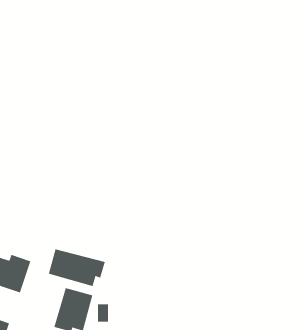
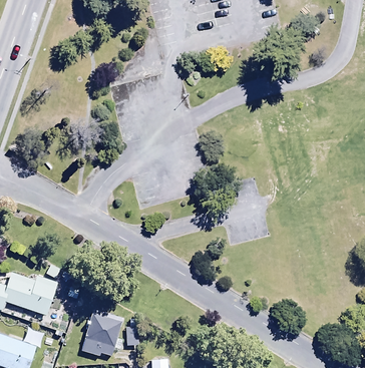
building: [48,248,105,287] -> none

